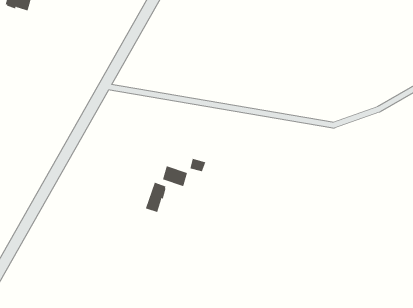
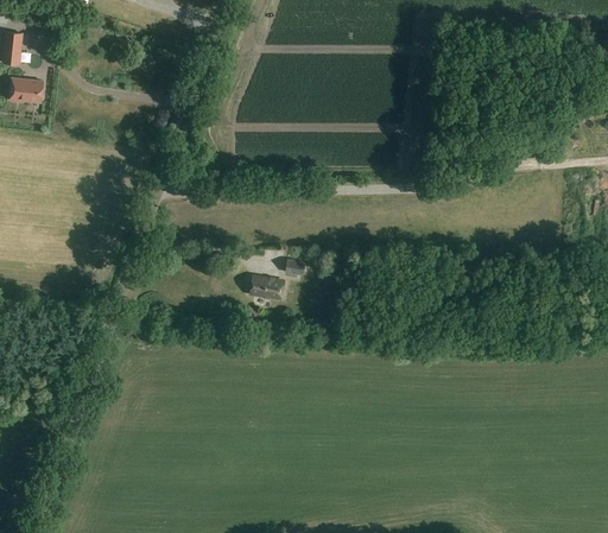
building: [145,182,166,213] -> none

